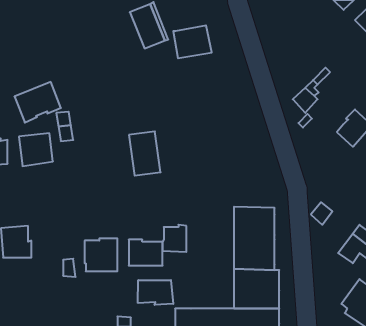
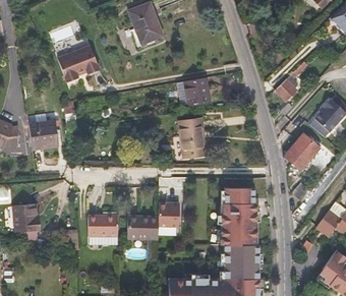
building: [173,25,212,58] -> [176,77,211,107]
building: [14,82,61,123] -> [58,46,100,82]
building: [129,131,161,176] -> [178,118,207,158]
building: none -> [284,133,321,170]
building: [138,280,173,305] -> none

